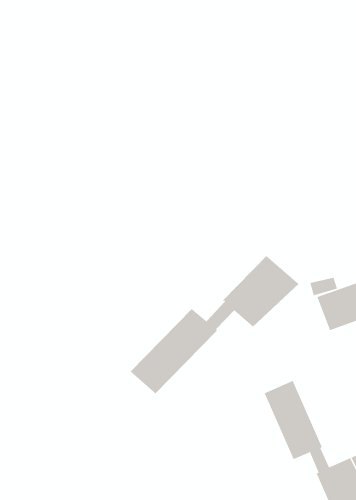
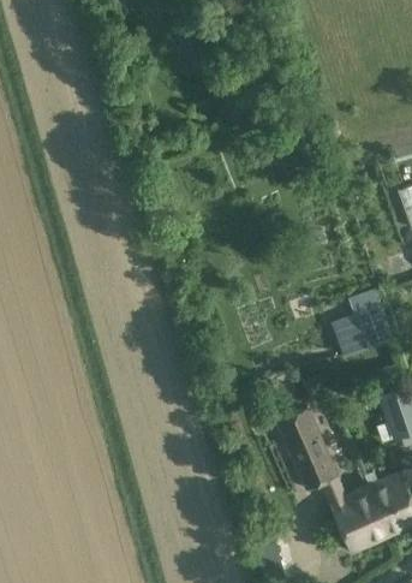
building: [130,255,300,394] -> none

